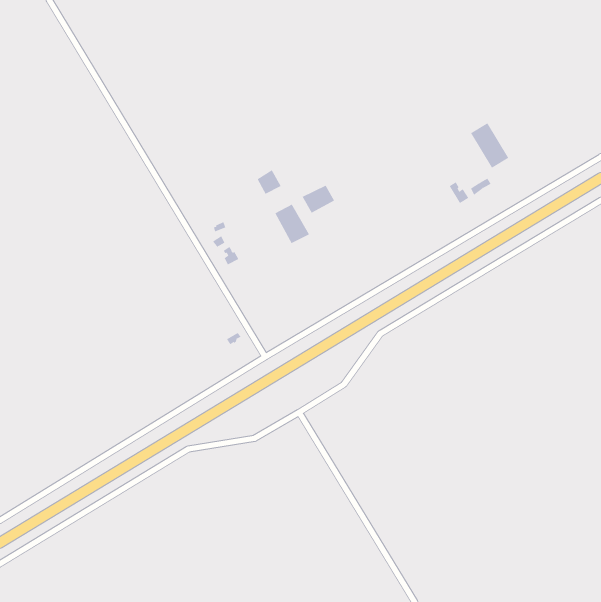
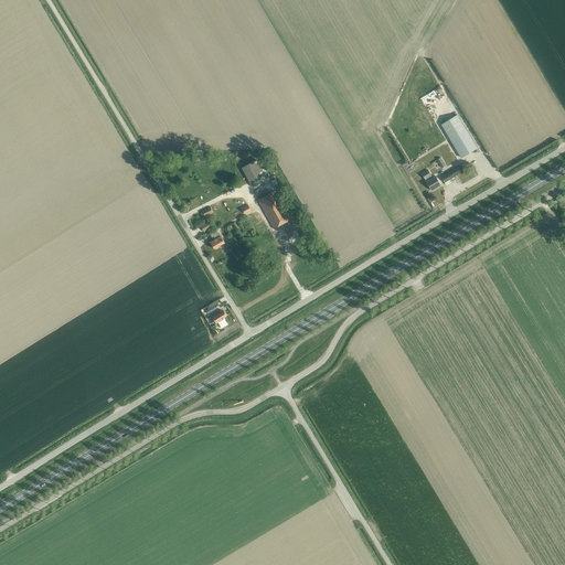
building: [302,185,335,214] -> none

